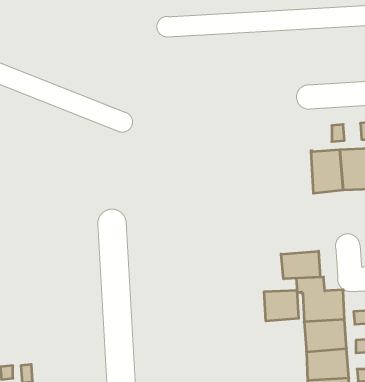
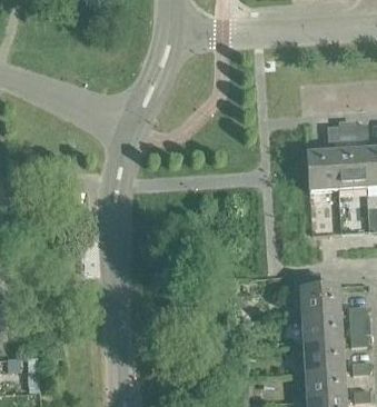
building: [281,251,320,279] -> none
building: [264,290,299,321] -> none

